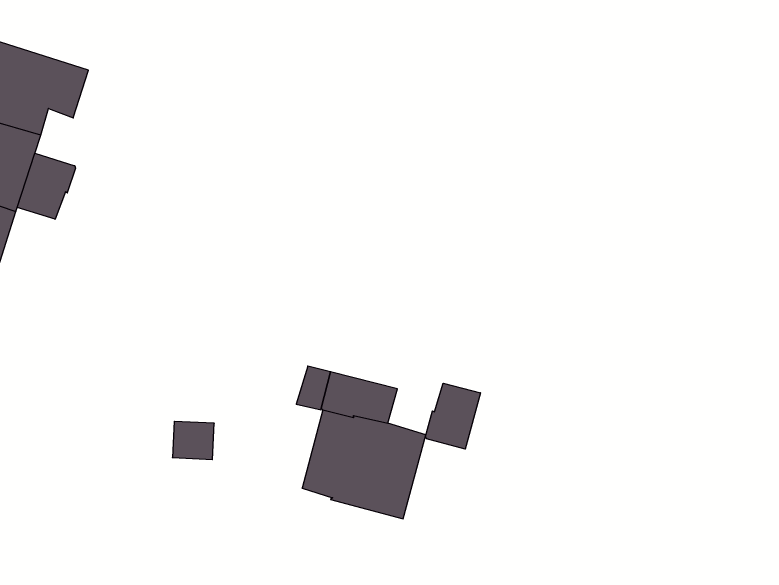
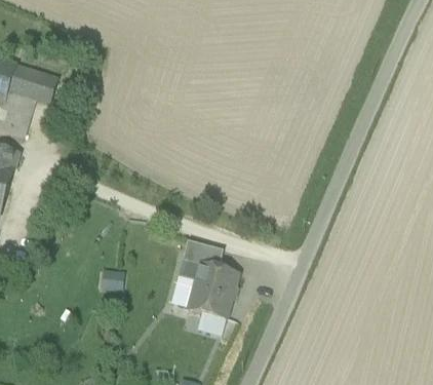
building: [17,153,76,219] -> none
building: [425,383,480,449] -> none

